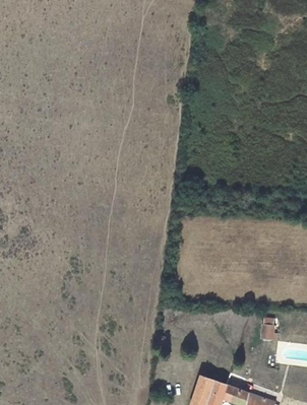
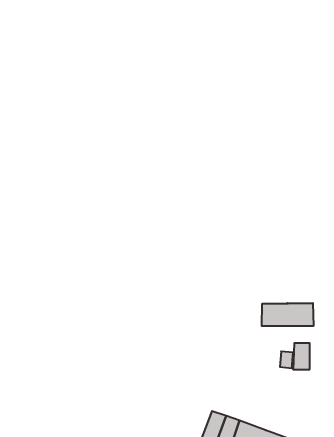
building: none -> [262,303,313,326]

